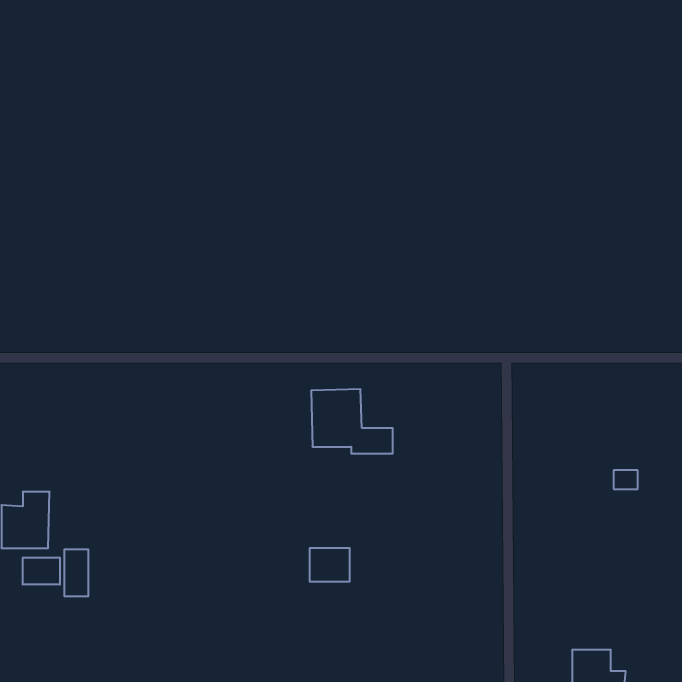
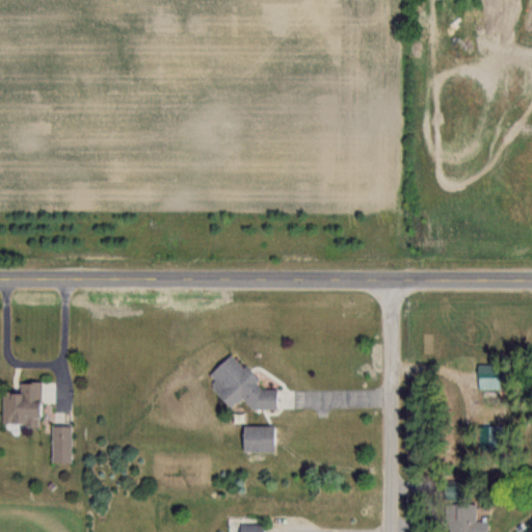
building: [311,389,393,454] -> [215,361,278,410]
building: [23,558,60,585] -> none

